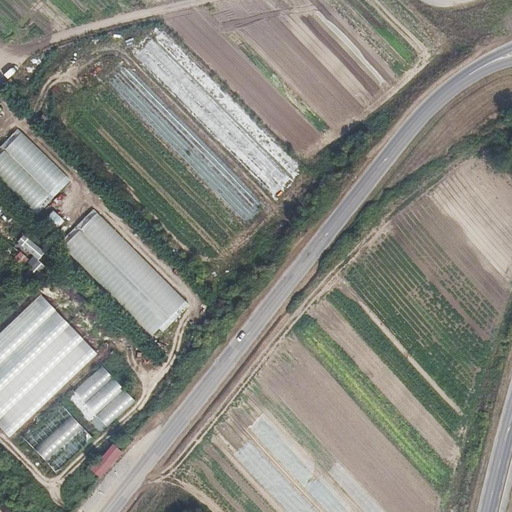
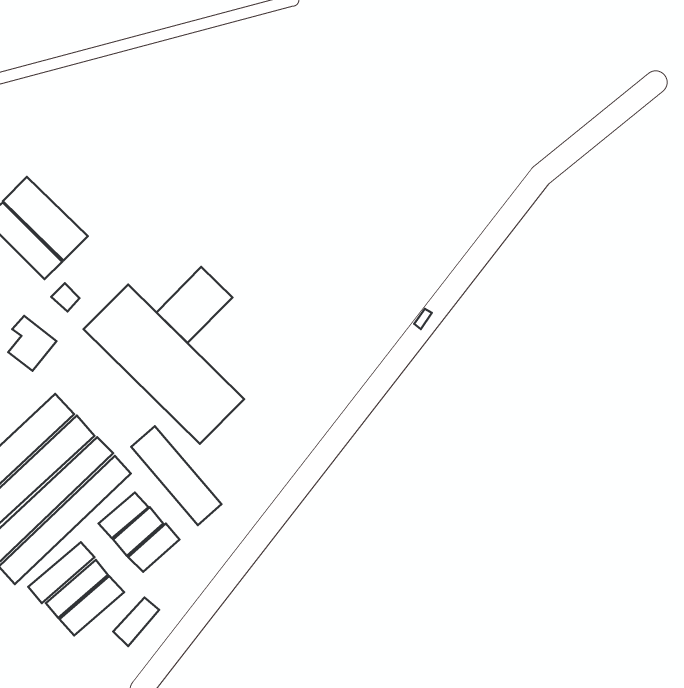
building: none -> [156,267,233,343]
building: none -> [131,426,221,525]

